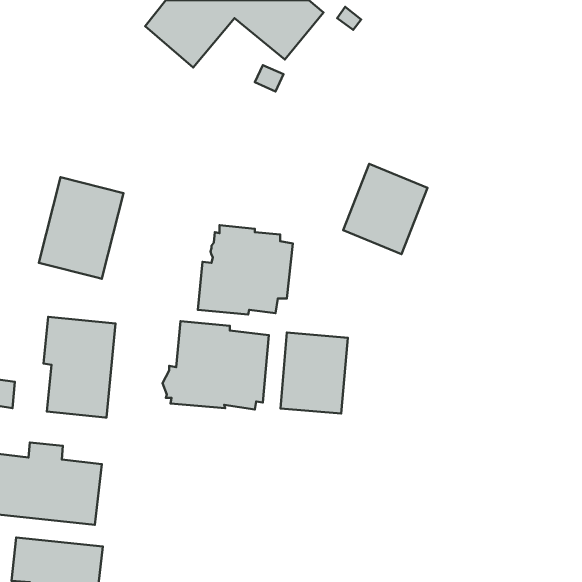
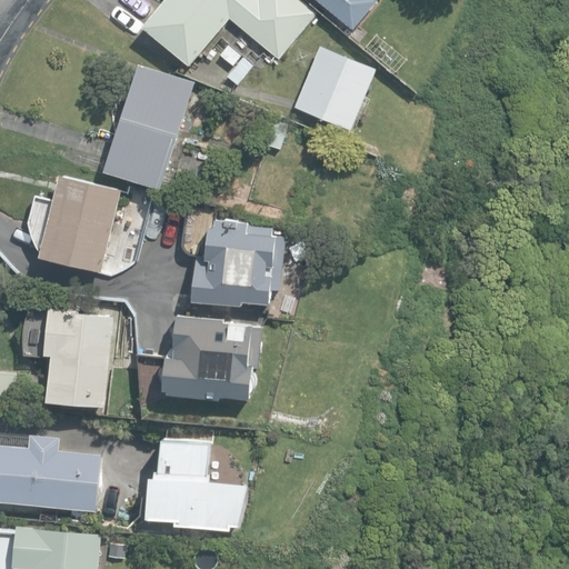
building: none -> [102,64,193,190]
building: [343,164,428,254] -> [295,47,377,134]
building: [280,333,348,414] -> none
building: none -> [142,436,243,527]

